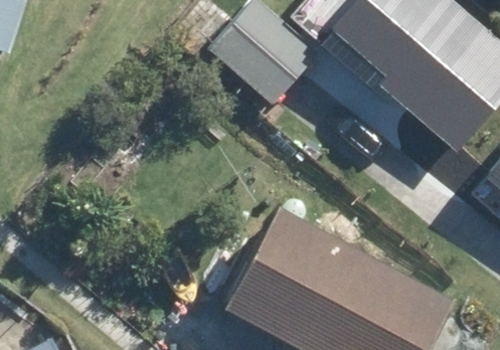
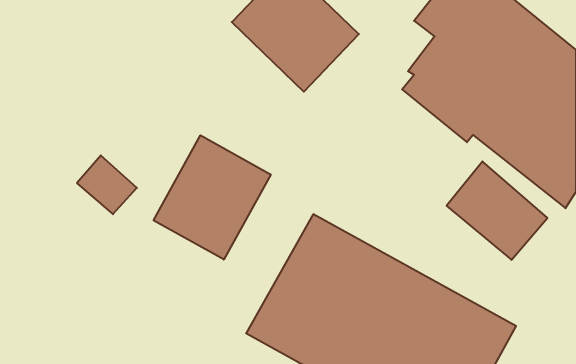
building: none -> [154,135,271,260]

